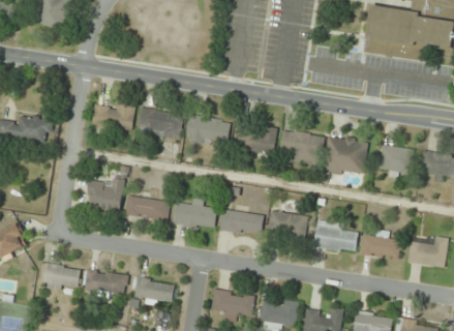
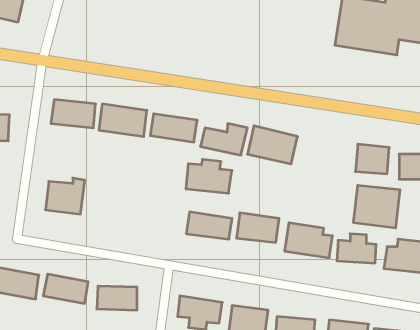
building: [323,136,367,176] -> [353,185,400,228]
building: [124,194,169,220] -> none
building: [173,198,216,230] -> [186,159,232,193]

